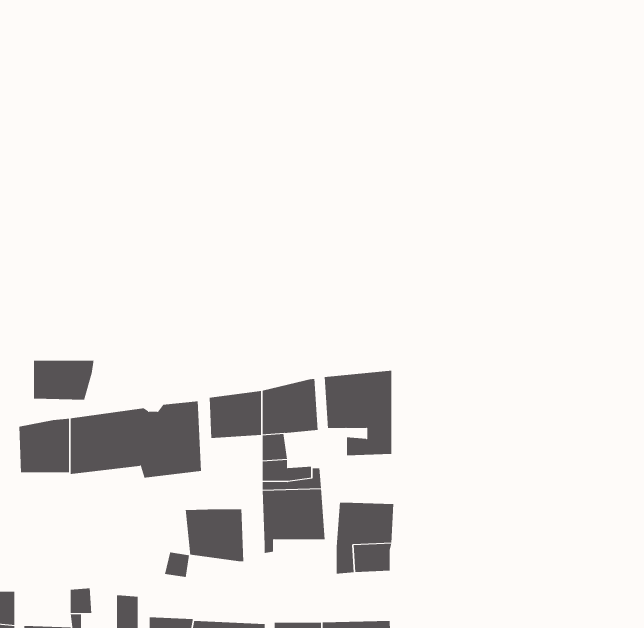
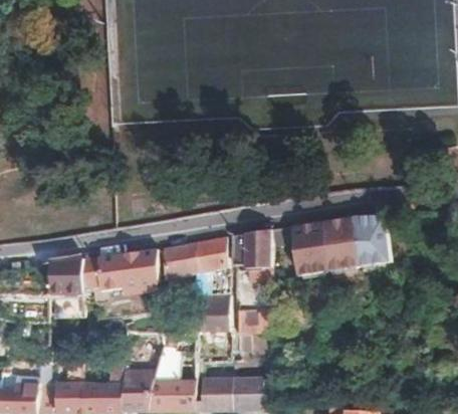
building: none -> [290,211,390,274]
building: [34,360,94,401] -> none
building: [185,509,244,562] -> none

